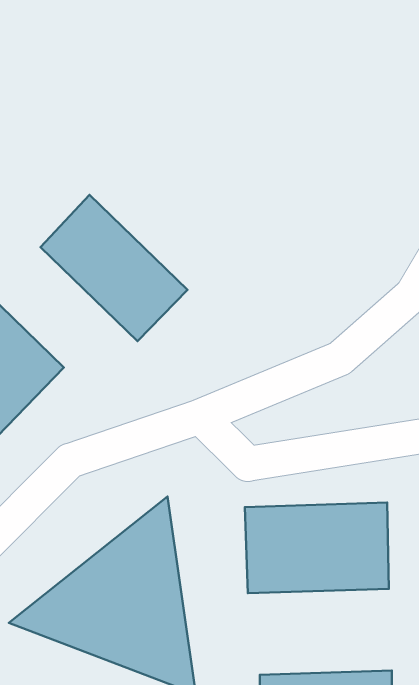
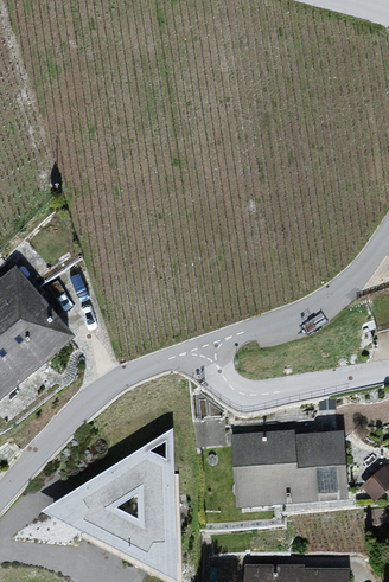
building: [41,195,188,341] -> none

